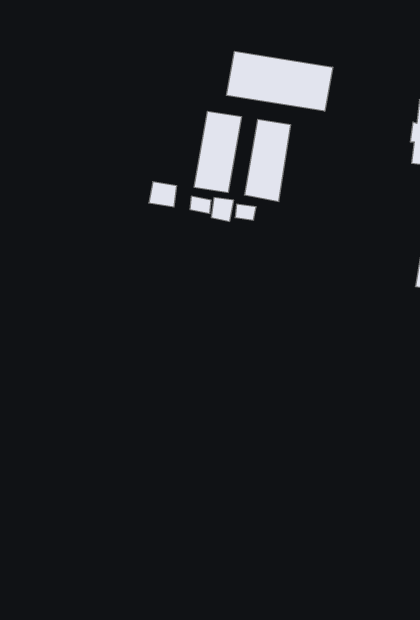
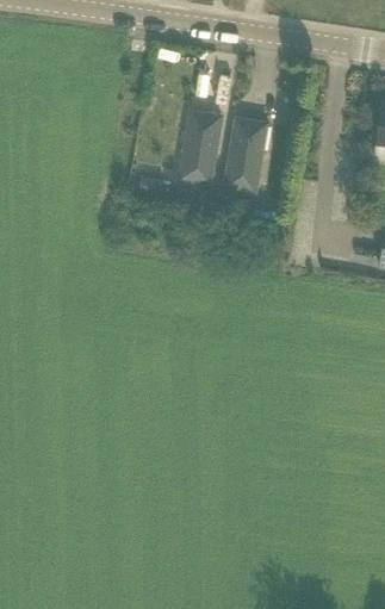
building: [226,51,333,111] -> none

